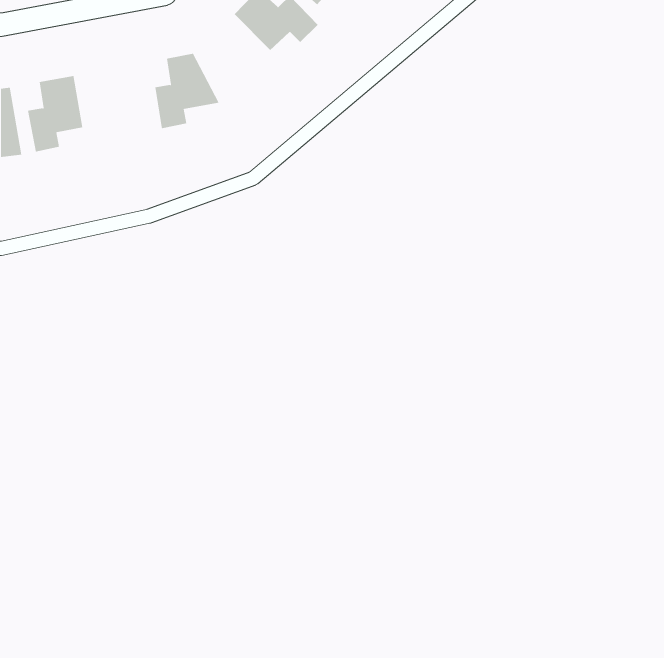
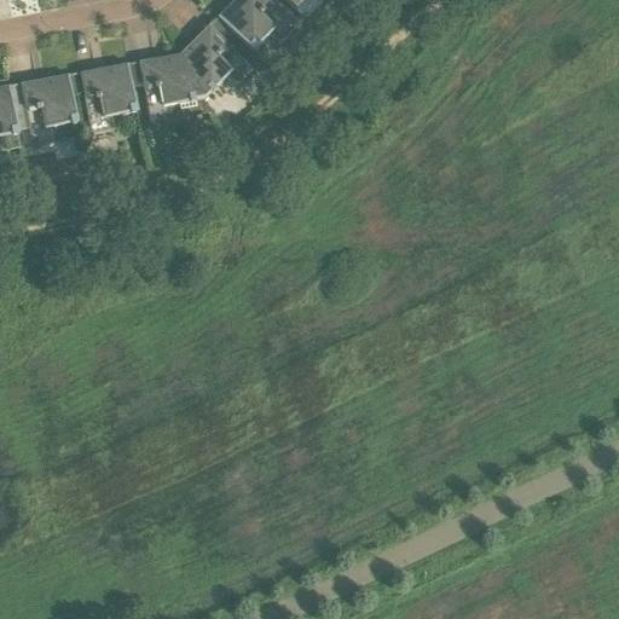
building: none -> [180,31,254,96]
building: none -> [85,59,137,131]

